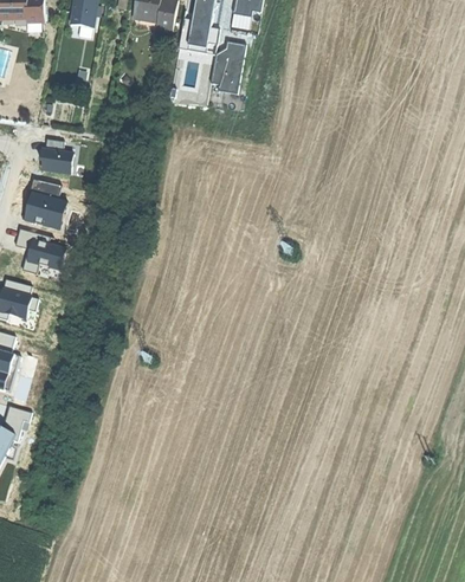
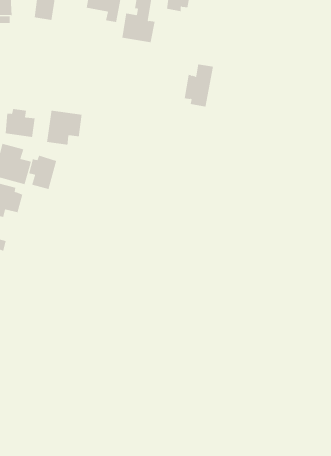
building: [211,41,247,95] -> [184,64,214,107]
building: none -> [46,110,82,146]
building: none -> [28,155,57,190]

